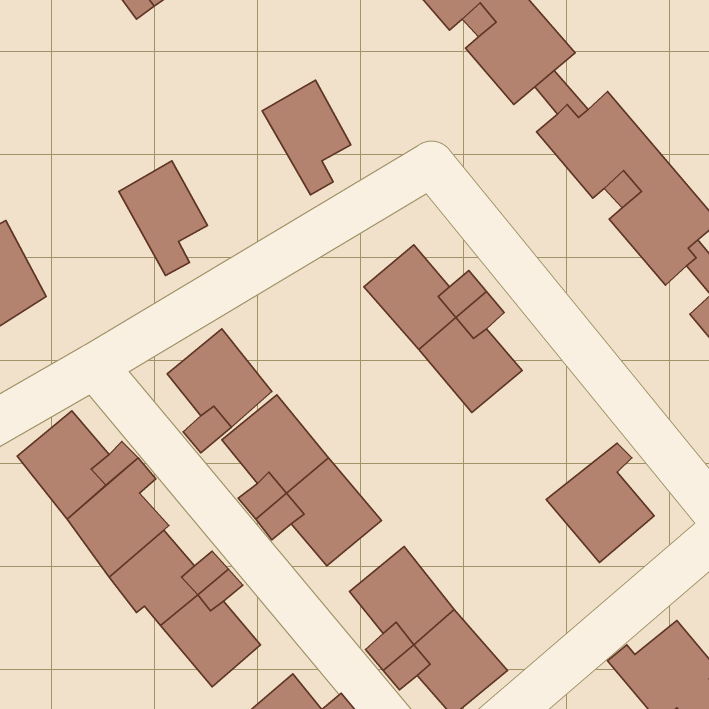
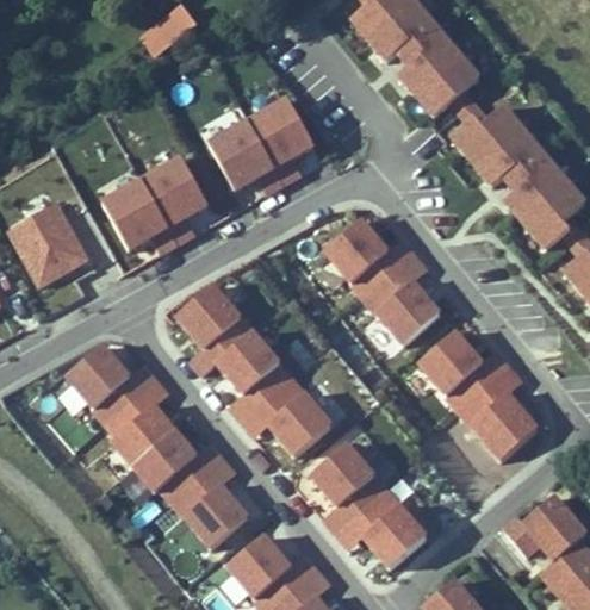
building: none -> [207,122,282,194]
building: none -> [101,181,175,253]
building: none -> [417,329,509,409]

